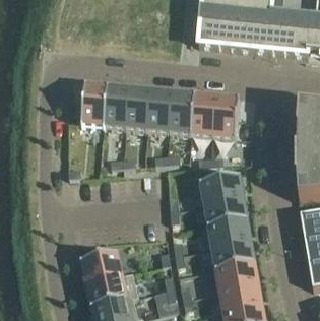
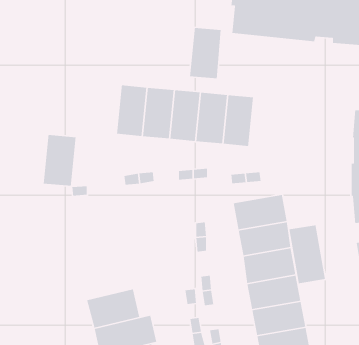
building: [81,84,109,127] -> [43,134,76,187]
building: [213,97,240,139] -> [189,27,221,79]
building: none -> [289,224,326,284]

